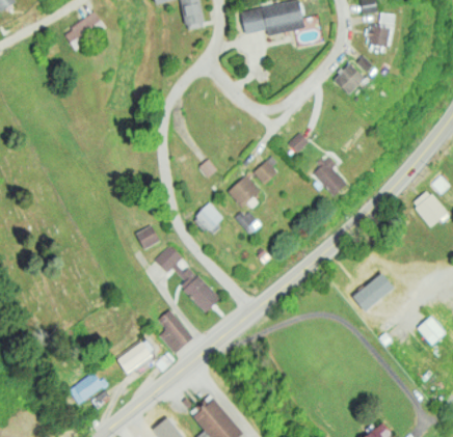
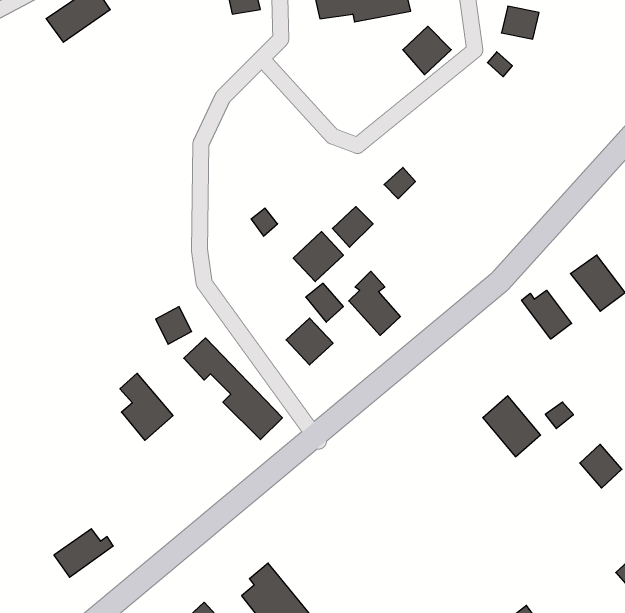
building: [334,62,366,94] -> [403,26,451,75]
building: [313,154,347,196] -> [349,271,400,335]
building: [194,203,225,235] -> [286,318,333,365]
building: none -> [522,290,572,339]
building: [158,309,193,354] -> [120,373,173,440]
building: [117,343,152,372] -> none

